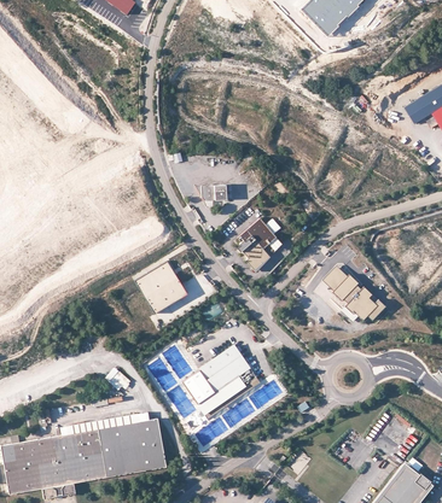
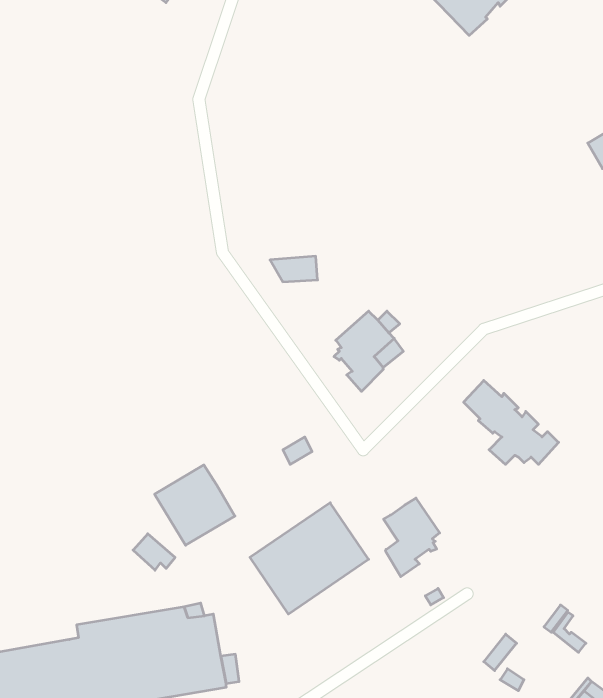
building: [135,261,188,314] -> [155,465,235,545]
building: none -> [384,498,440,577]

